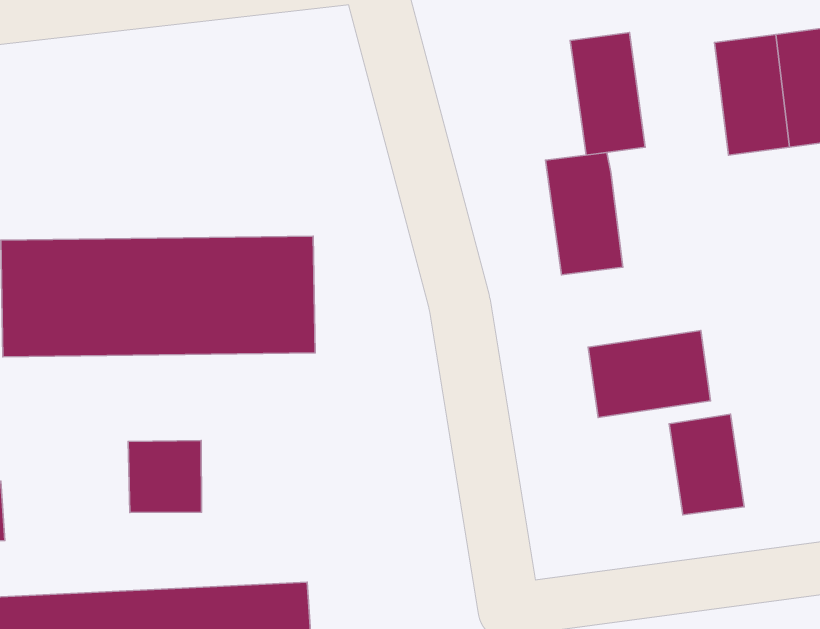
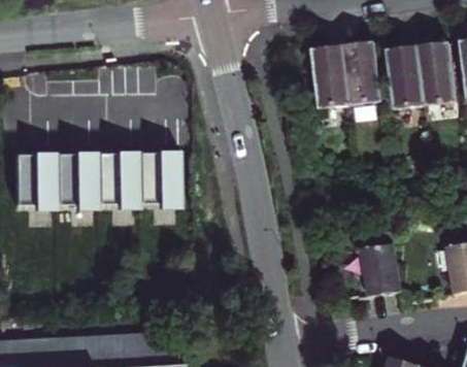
building: [546,152,623,275] -> [341,41,381,105]
building: [588,330,711,417] -> none
building: [128,440,202,513] -> none

